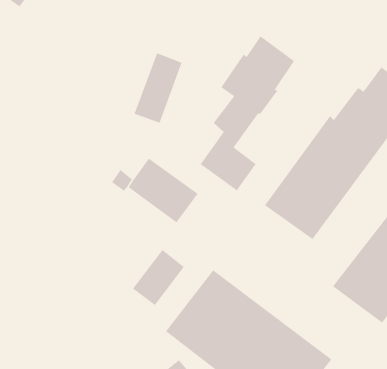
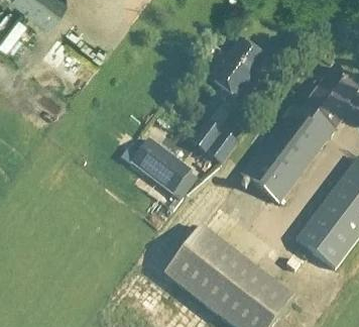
building: [134,52,182,124] -> none
building: [132,249,184,306] -> none

